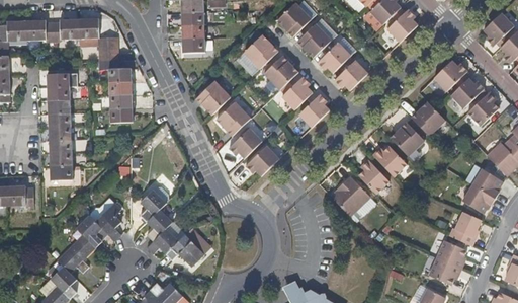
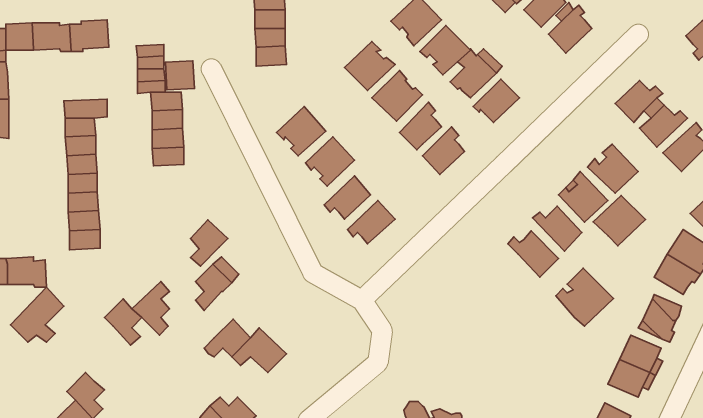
building: [78,17,98,37] -> [165,61,194,90]
building: none -> [593,195,646,246]
building: [334,179,374,220] -> [556,268,614,326]
building: [146,209,172,241] -> [190,220,228,266]
building: [57,233,94,272] -> [10,287,64,342]

